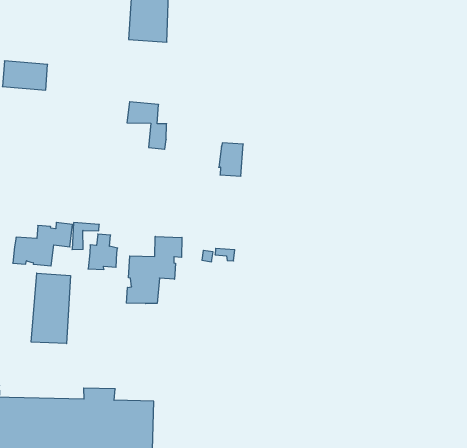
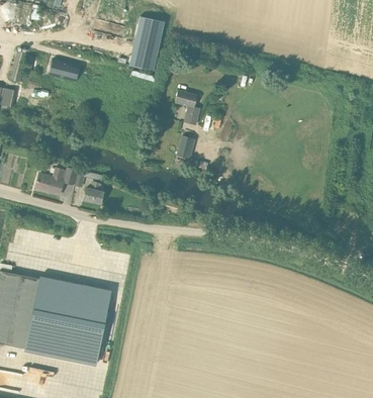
building: [127,102,167,149] -> [174,90,199,124]
building: [126,236,182,304] -> none
building: [31,273,70,344] -> none

